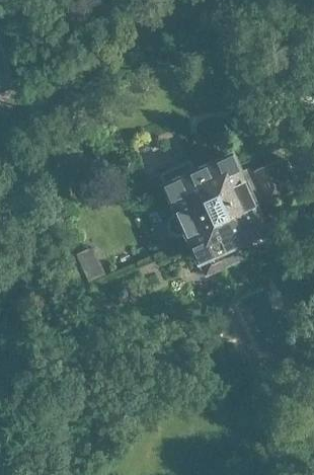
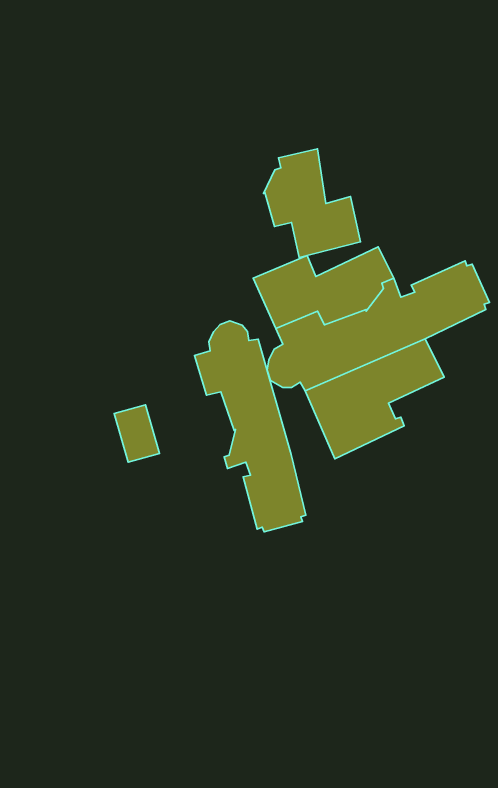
building: none -> [263,149,360,258]
building: none -> [194,321,306,532]

